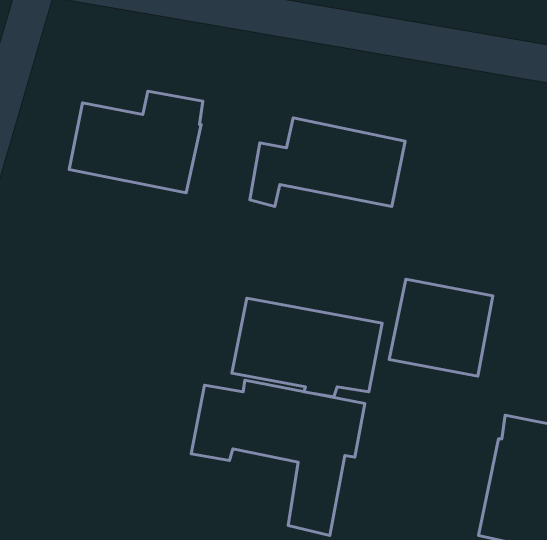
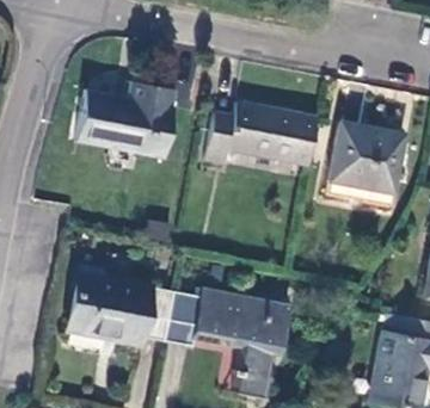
building: [389,279,493,376] -> [330,123,404,192]
building: [232,298,382,397] -> [66,274,173,345]

